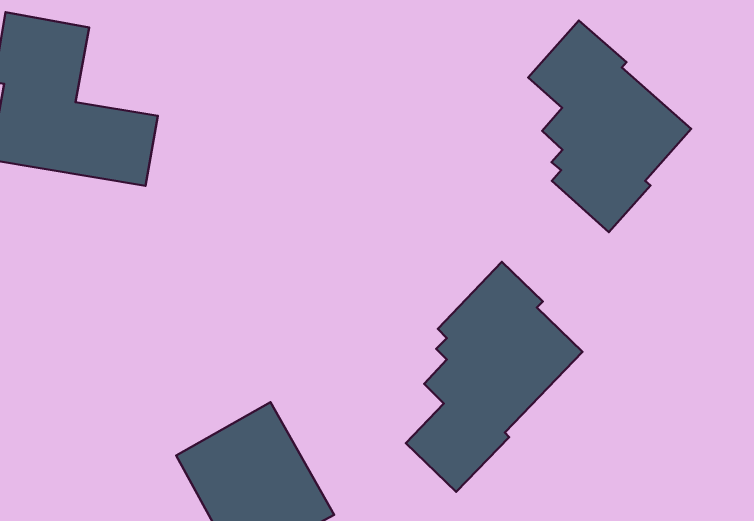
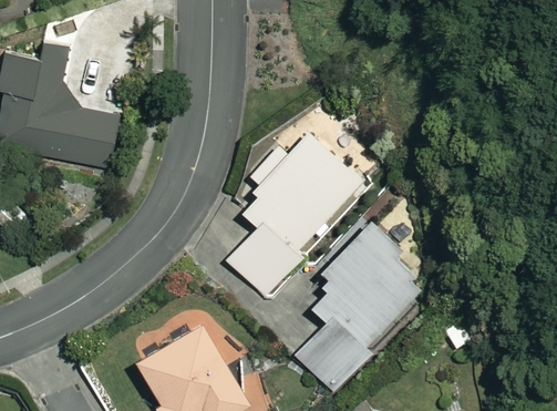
building: [528,20,691,232] -> none
building: none -> [228,129,367,299]

